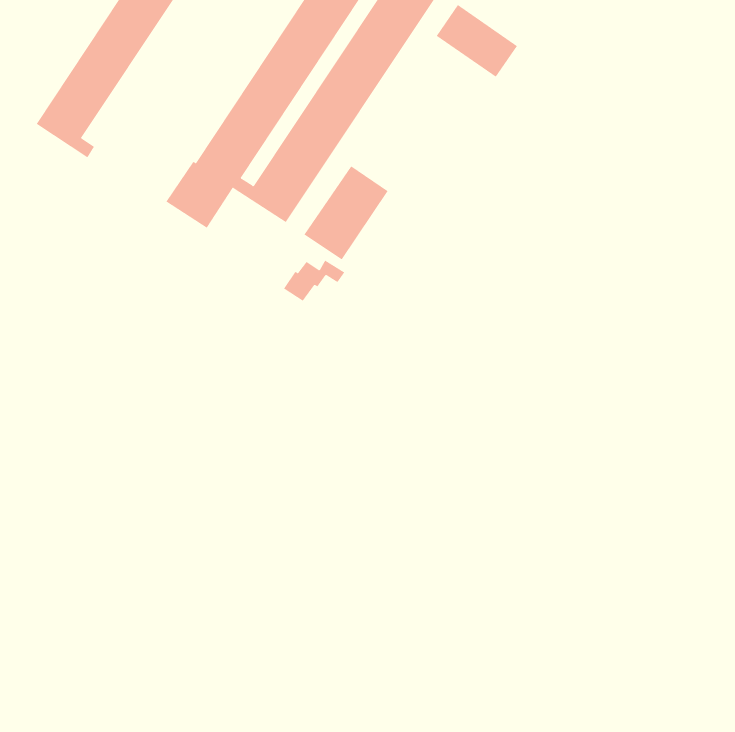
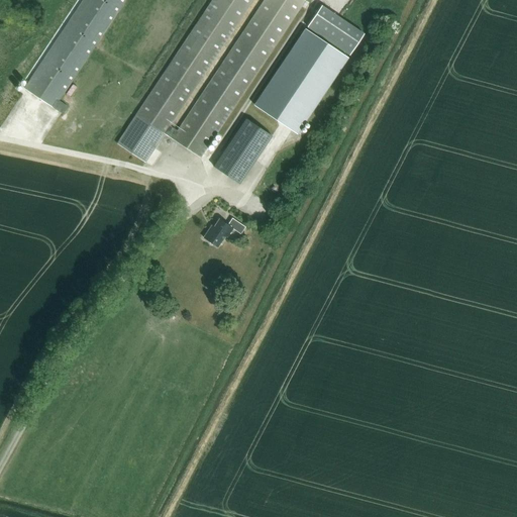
building: none -> [255,29,347,132]
building: [283,260,345,301] -> [203,217,246,246]

